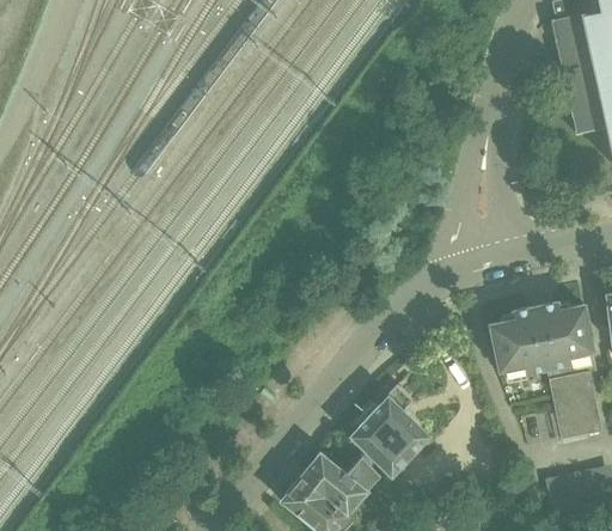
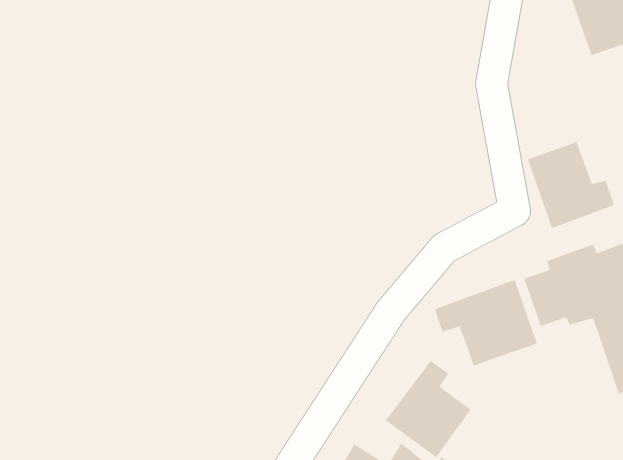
building: none -> [527,141,615,229]
building: none -> [434,279,538,366]

